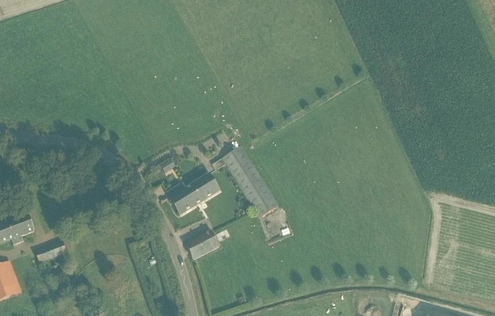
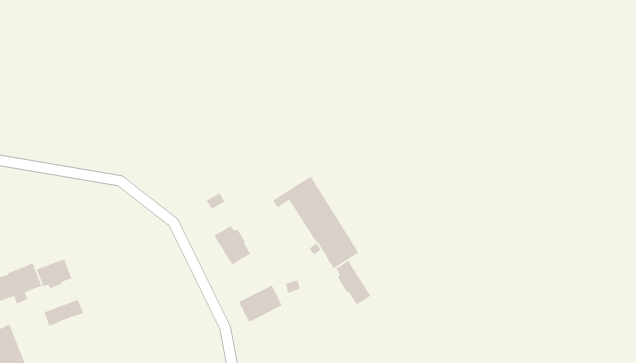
building: [185,173,219,205] -> none
building: none -> [36,258,72,289]
building: none -> [335,260,371,306]

